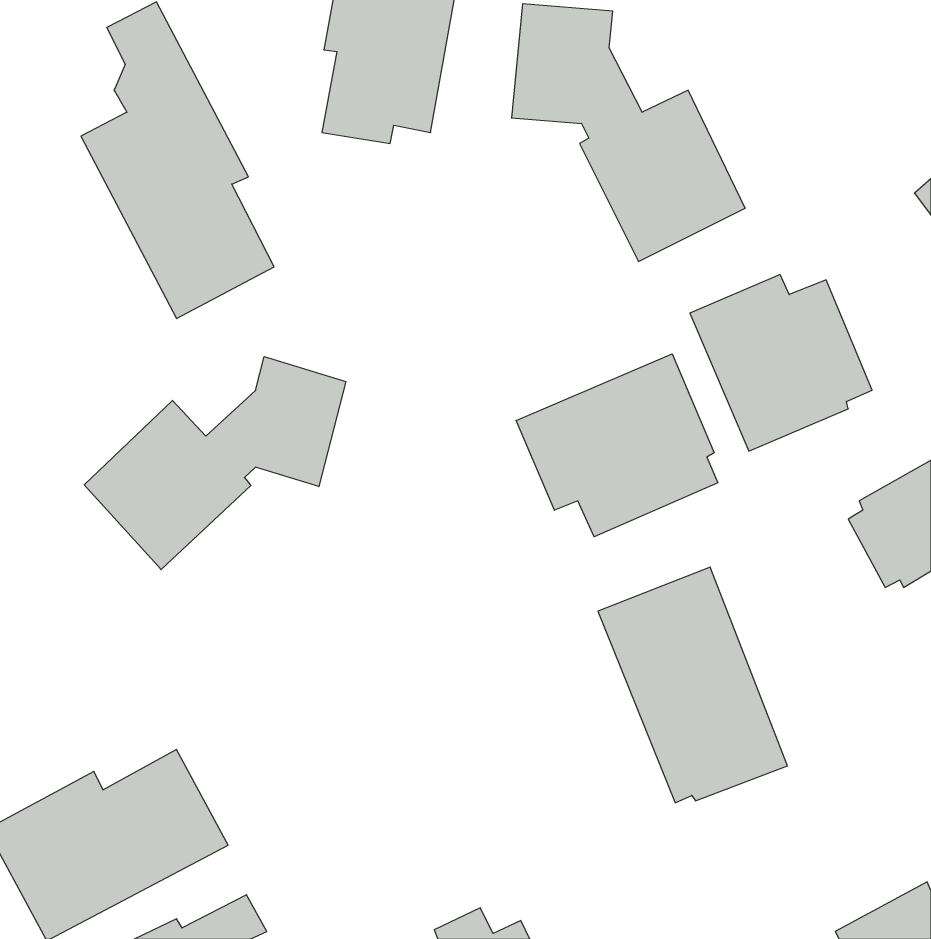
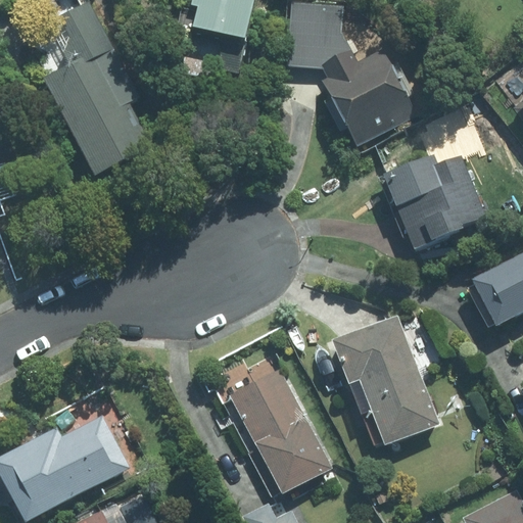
building: [516,354,718,537] -> none
building: [84,357,346,570] -> none
building: none -> [228,371,331,497]

